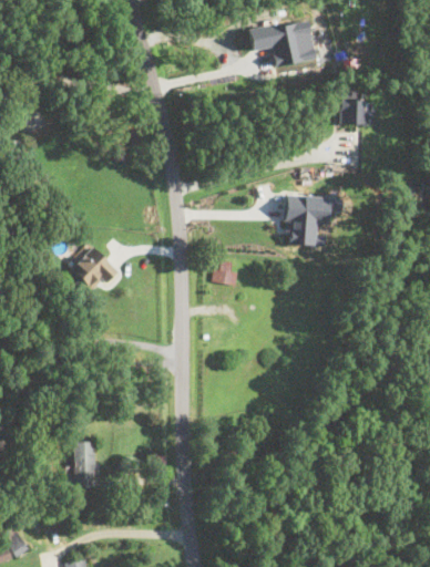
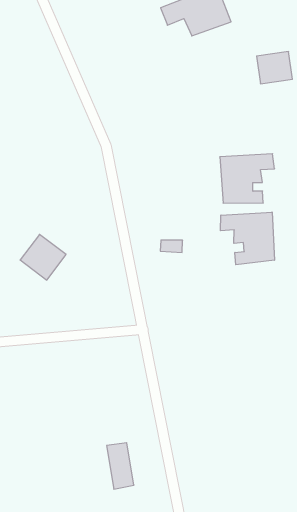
building: none -> [221,212,274,265]
building: [74,442,96,487] -> [107,443,134,489]

